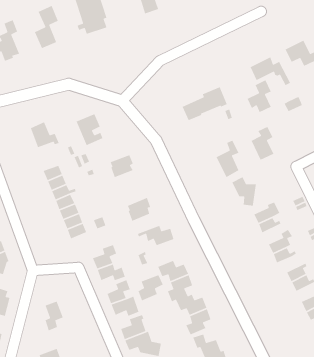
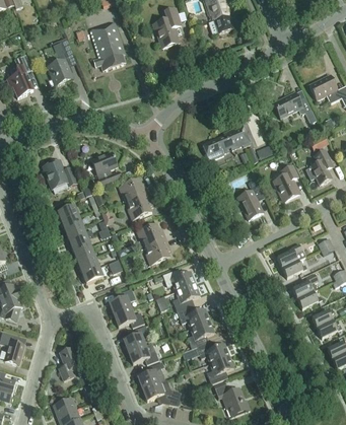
building: [247,79,272,113] -> [305,148,332,184]
building: none -> [119,178,148,202]
building: [231,176,257,206] -> none
building: none -> [137,223,166,247]
building: [137,274,164,301] -> [172,283,200,311]

